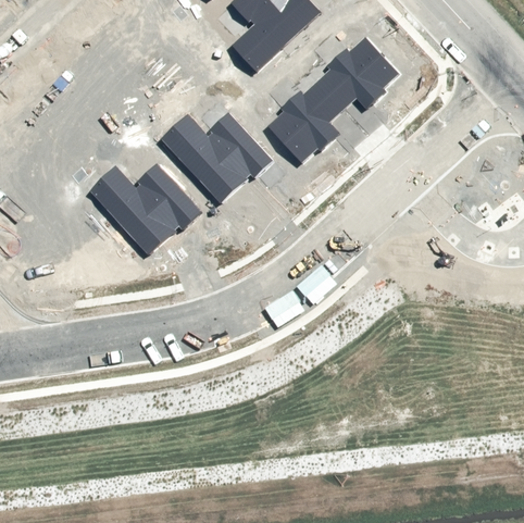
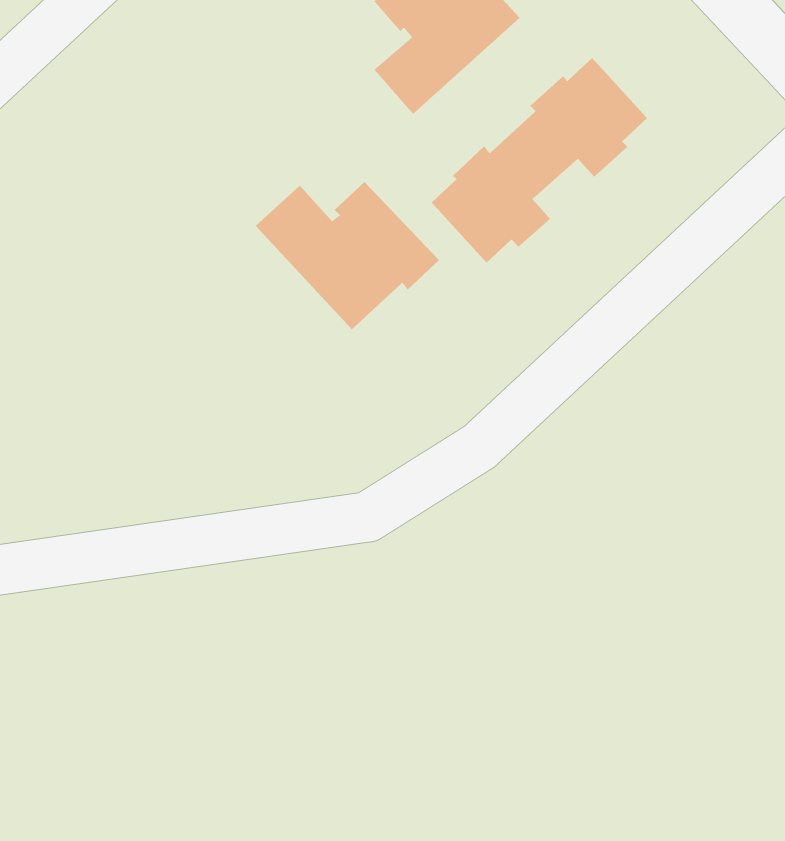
building: [86,163,201,256] -> none

